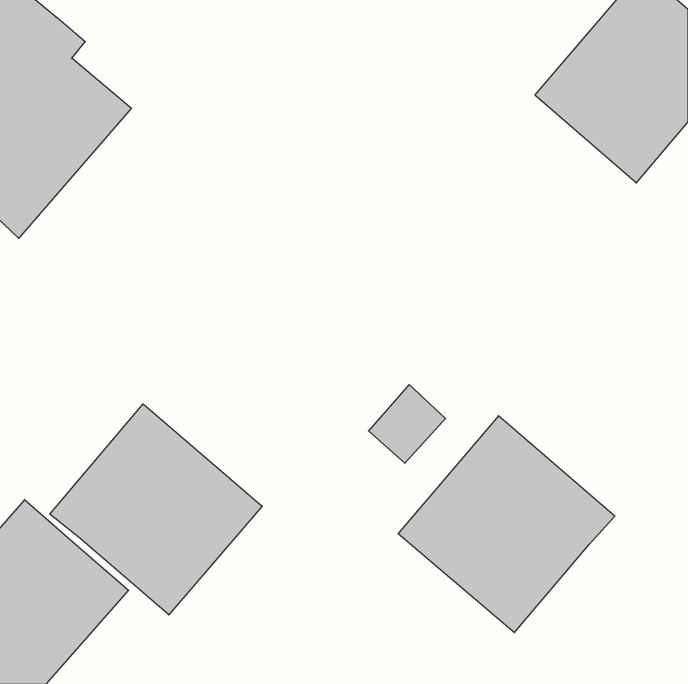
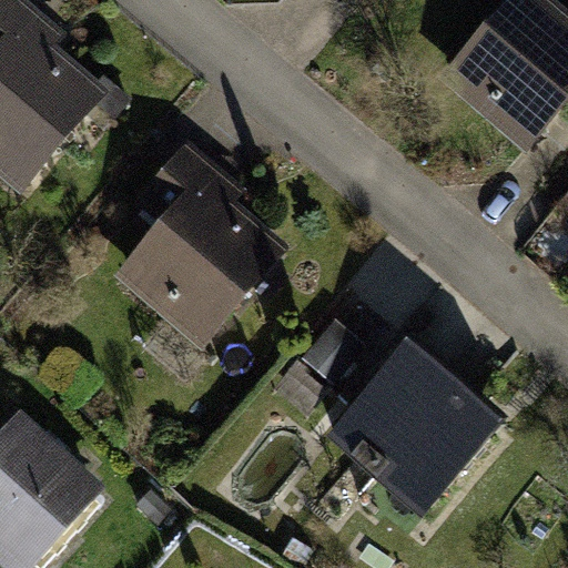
building: none -> [115,142,290,347]
building: [50,404,262,615] -> none

